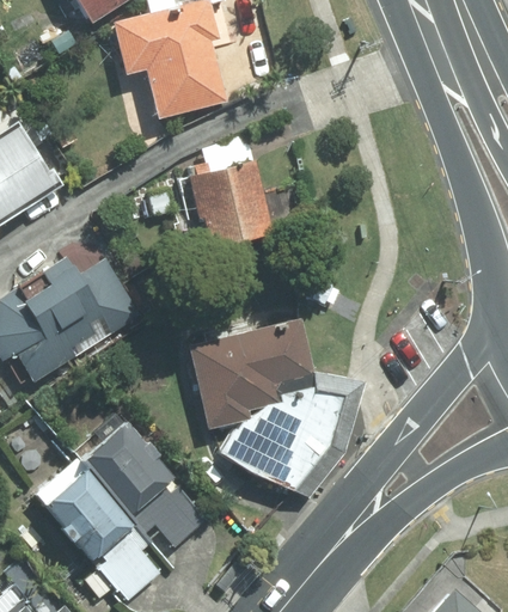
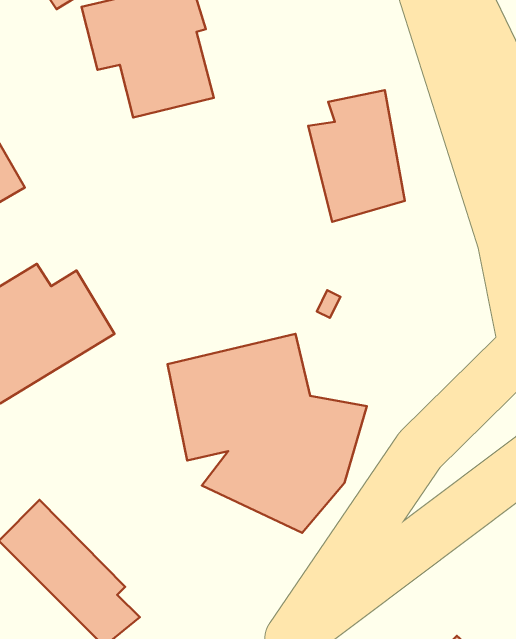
building: [183,133,270,252] -> [308,90,405,222]
building: [81,427,203,543] -> none

